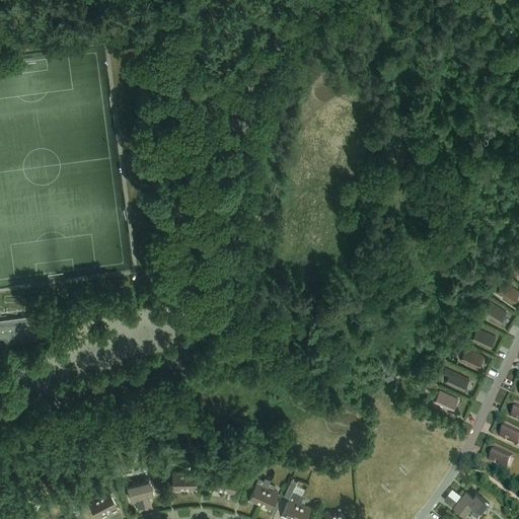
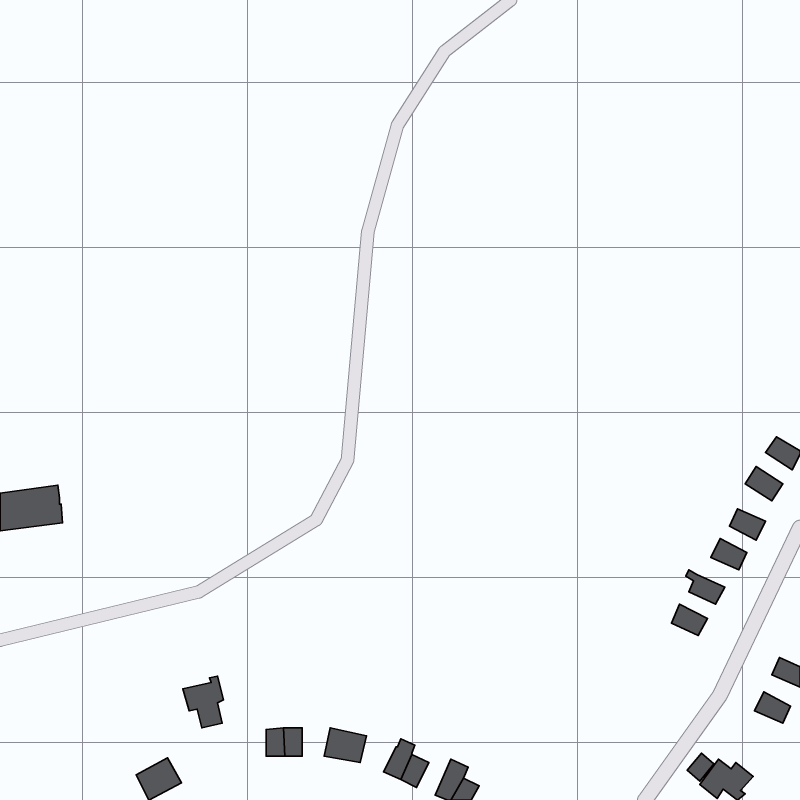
building: [127,477,153,511] -> [183,676,224,728]

